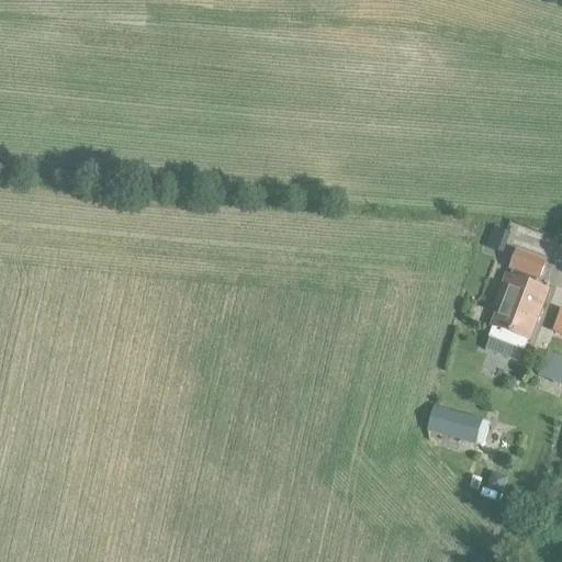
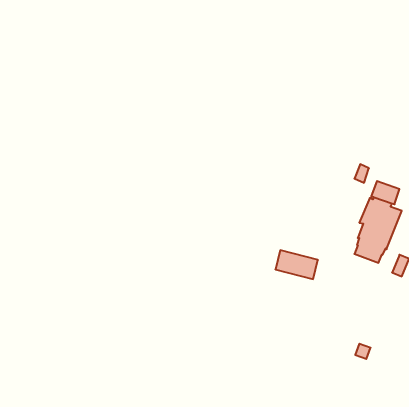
building: [426,403,484,442] -> [275,250,318,279]

